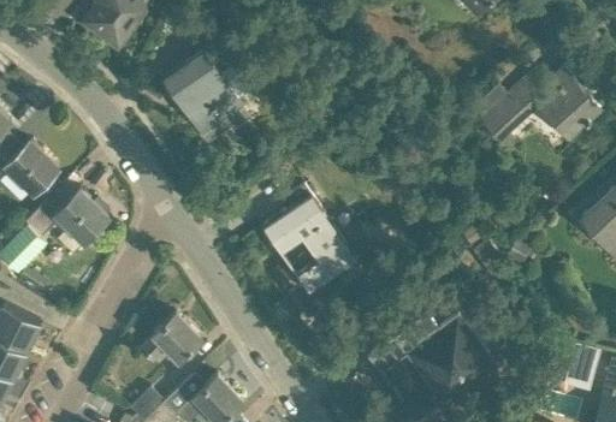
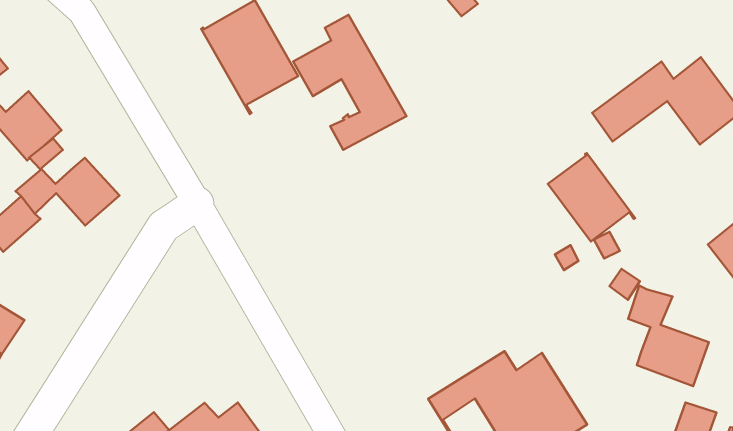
building: none -> [548,153,635,242]
building: [262,186,356,295] -> [293,15,406,150]
building: none -> [628,286,709,386]
building: [140,314,201,364] -> none

